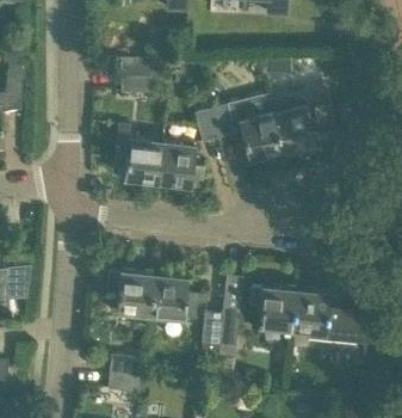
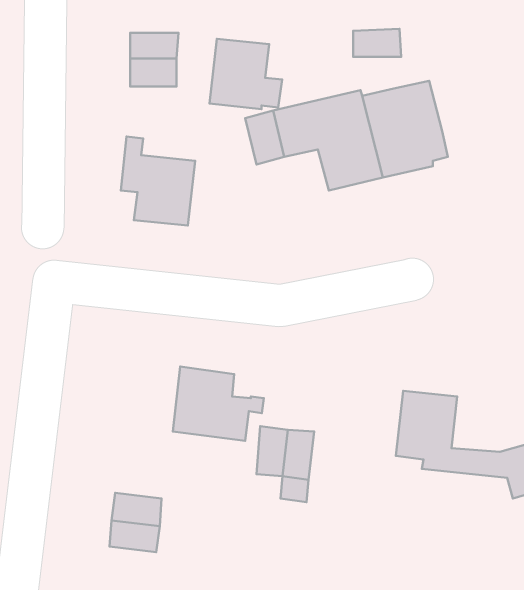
building: [157,141,204,186] -> [210,39,282,109]
building: [107,271,153,315] -> none
building: [249,285,296,331] -> none

